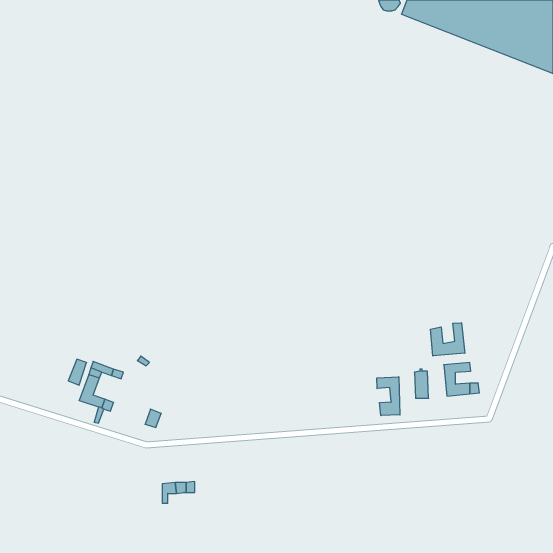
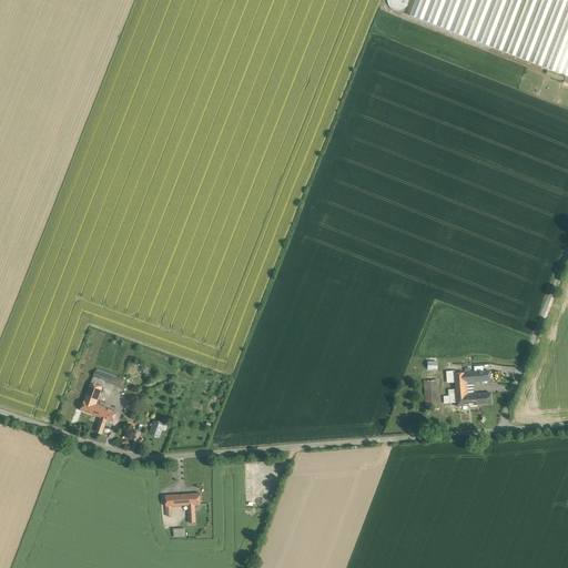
building: [430,323,465,356] -> none
building: [377,377,400,416] -> none

